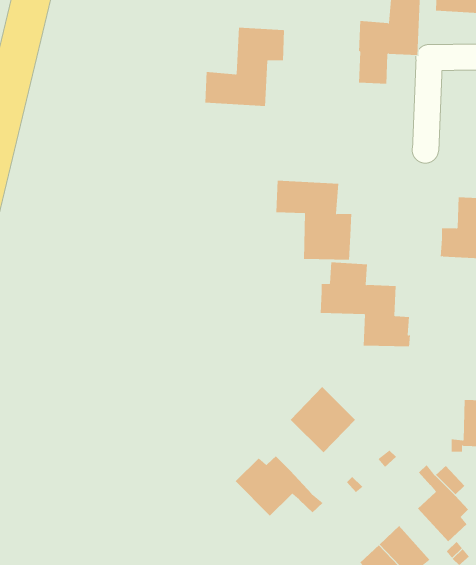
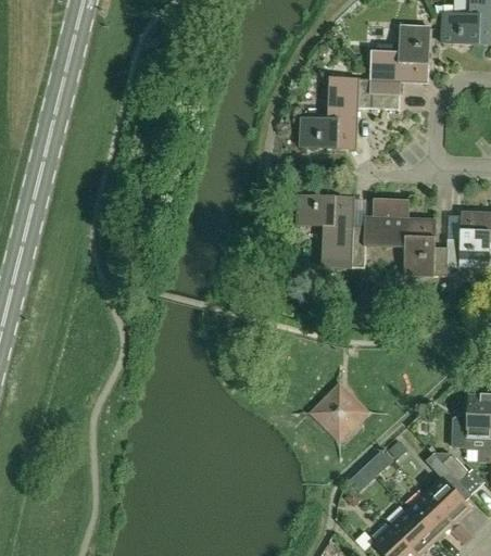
building: [205,27,285,106] -> [300,76,373,148]
building: [320,262,411,347] -> [365,198,448,275]
building: [235,455,324,516] -> none
building: none -> [408,492,453,539]

